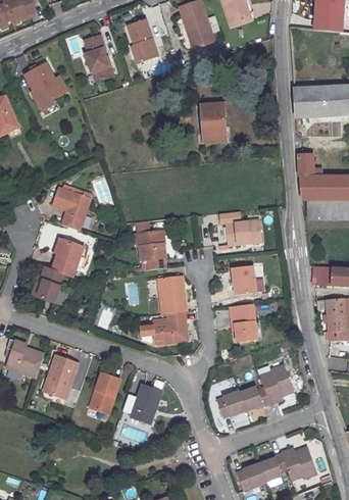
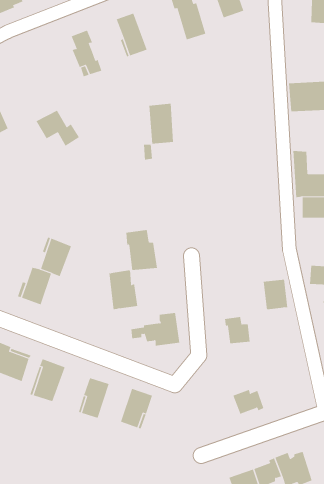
building: [23,63,66,99] -> [36,110,80,147]
building: [200,103,225,143] -> [148,103,174,144]
building: [51,187,90,231] -> none
building: [219,211,260,246] -> none
building: [231,265,255,295] -> [263,279,288,310]
building: [157,276,186,314] -> [109,270,138,310]
building: [259,364,293,404] -> none
building: [214,390,246,418] -> none

